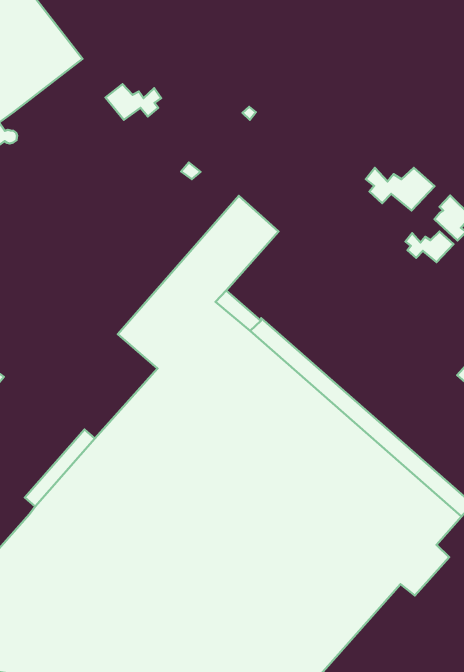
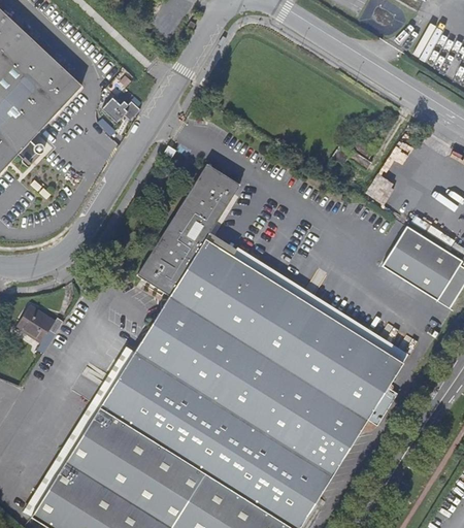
building: [366,168,434,211] -> none
building: [405,232,454,262] -> none

